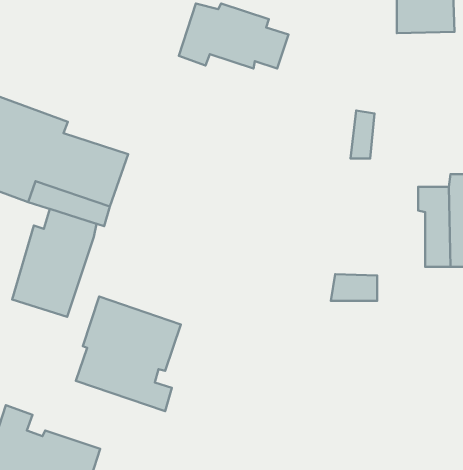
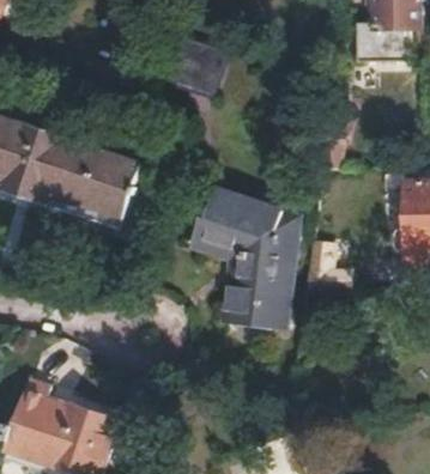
building: none -> [194,187,296,329]
building: [12,209,97,317] -> none
building: [76,296,181,411] -> none

